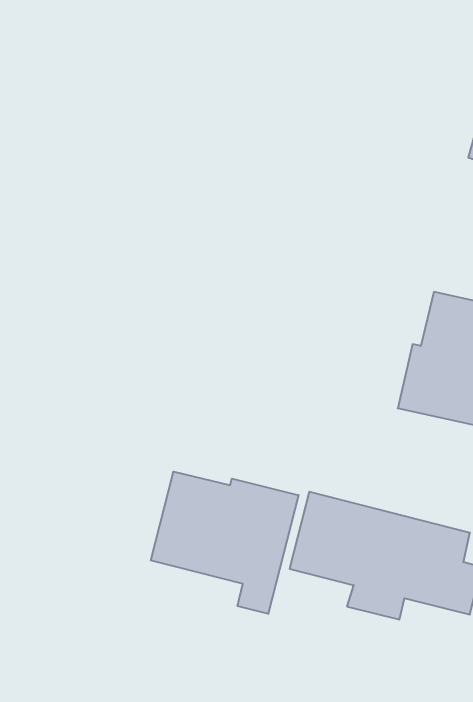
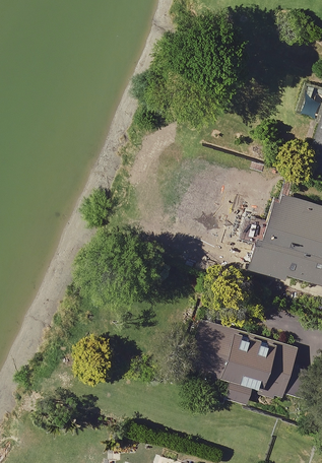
building: [151,472,299,614] -> none

